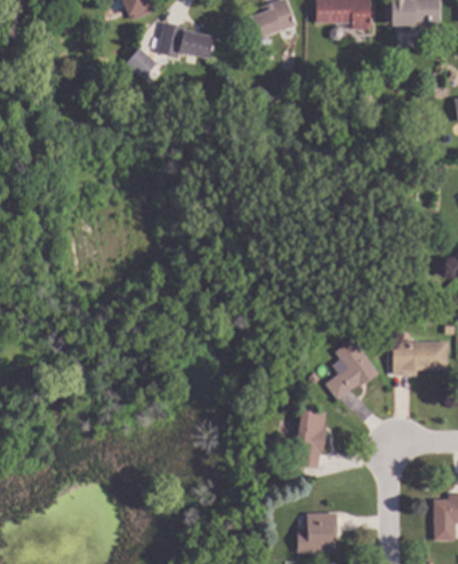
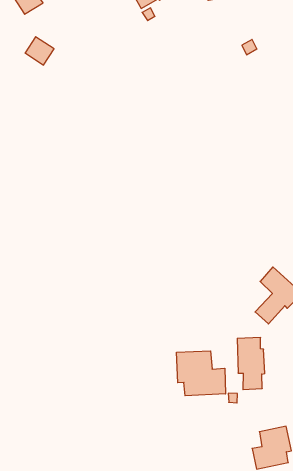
building: [156,20,214,58] -> none
building: none -> [177,351,225,396]

